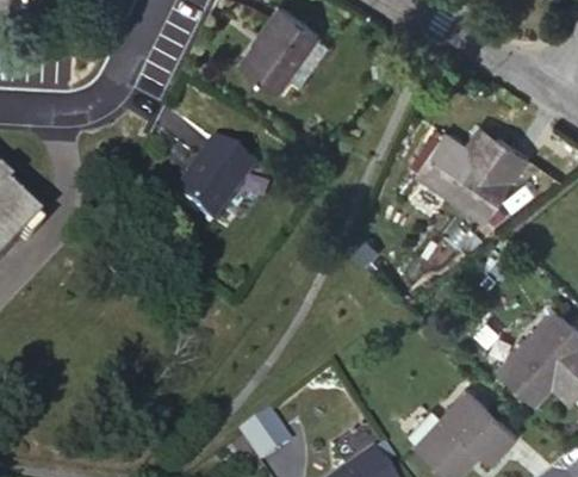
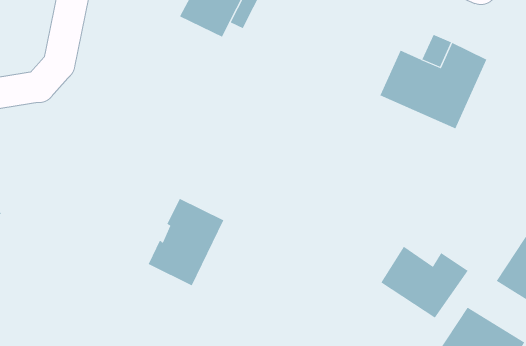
building: [169,142,250,229] -> [148,198,224,286]
building: none -> [381,246,469,319]

